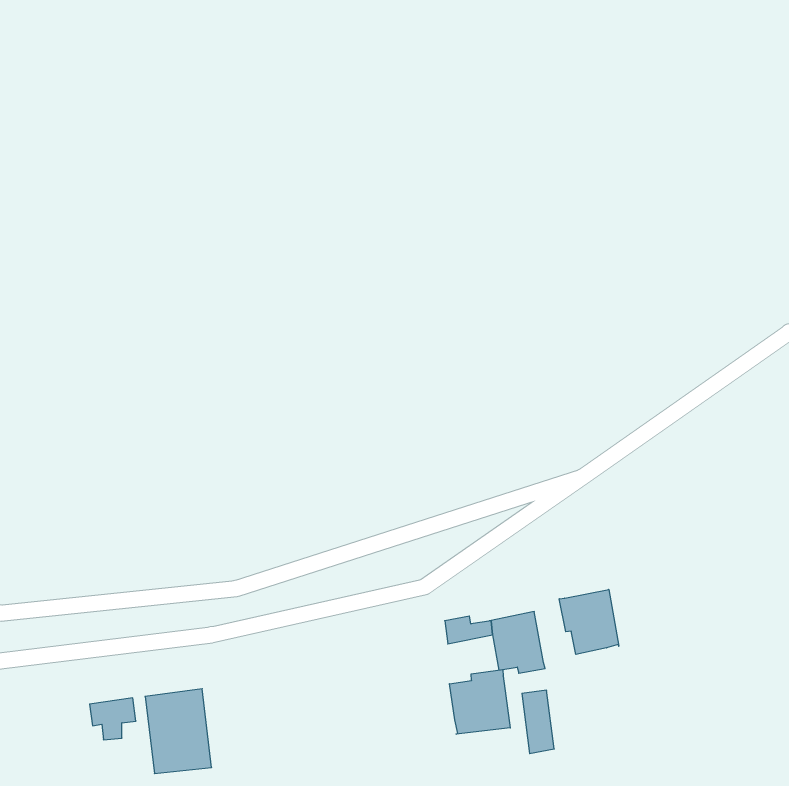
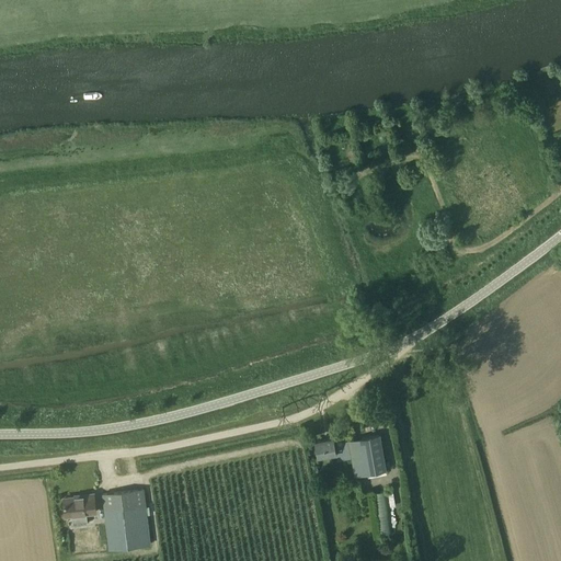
building: [559,589,619,654] -> none
building: [449,670,510,734] -> none

